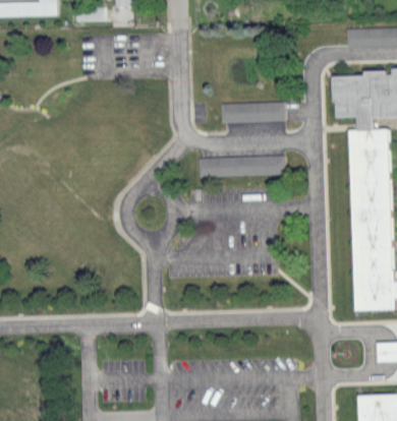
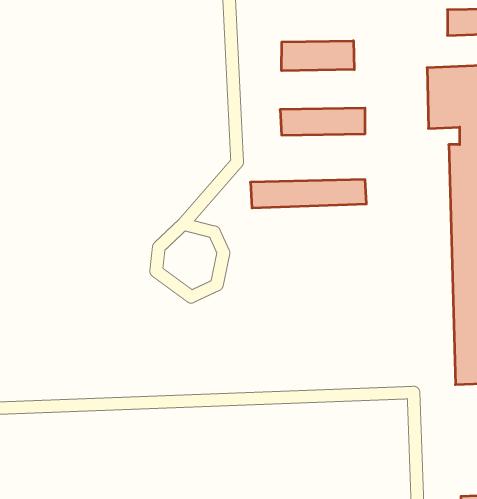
building: none -> [282,41,354,71]

